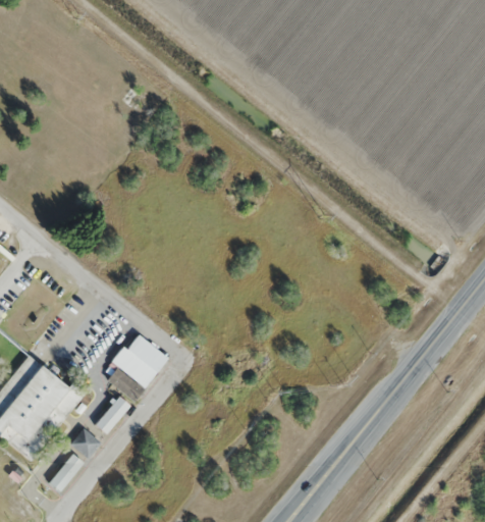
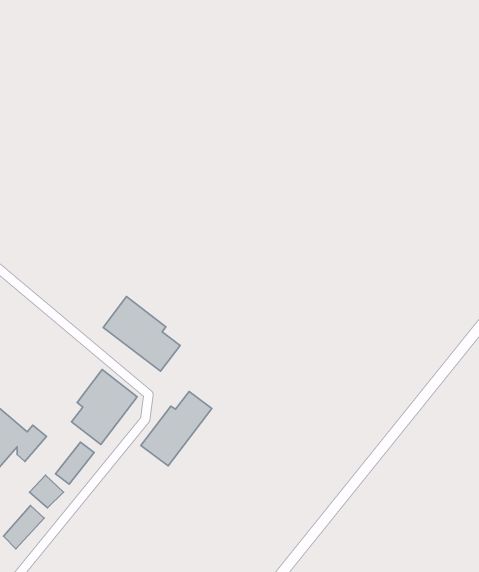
building: none -> [103,297,180,371]
building: none -> [141,391,212,466]

